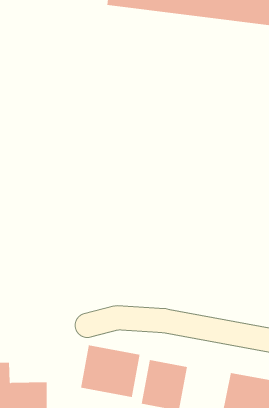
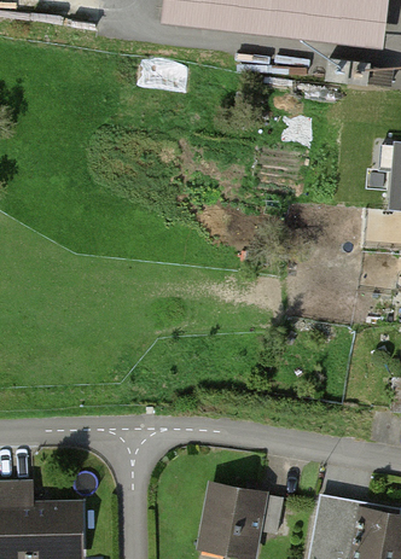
building: [80,344,140,398] -> none

